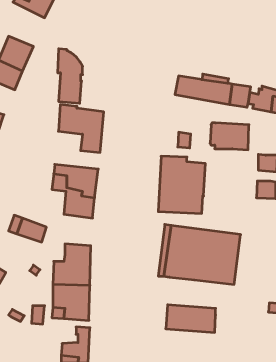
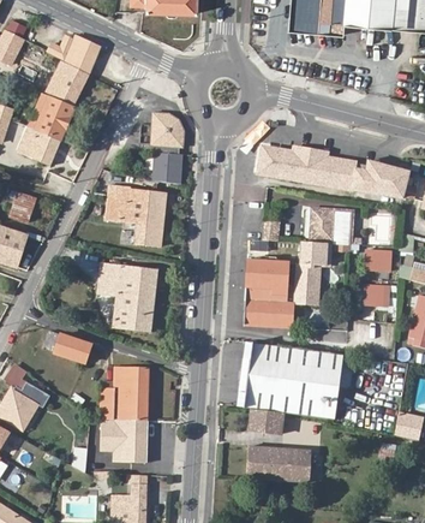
building: none -> [48,61,86,102]
building: [58,49,83,103] -> [150,111,182,182]
building: none -> [295,242,333,305]
building: none -> [249,409,283,433]

